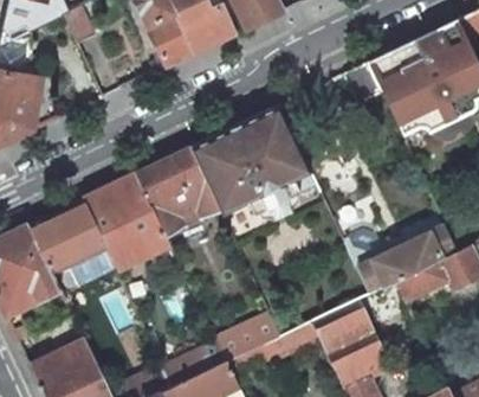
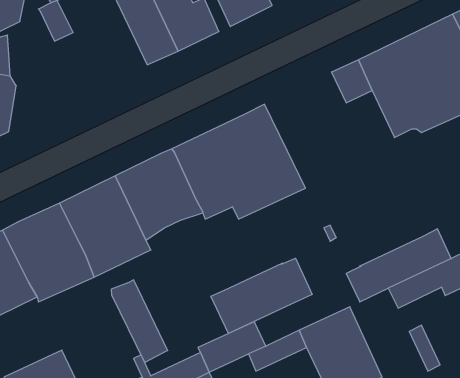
building: none -> [211,258,312,334]
building: none -> [112,280,168,363]

